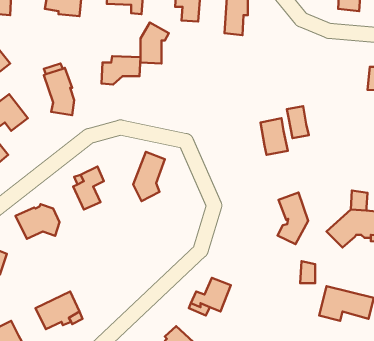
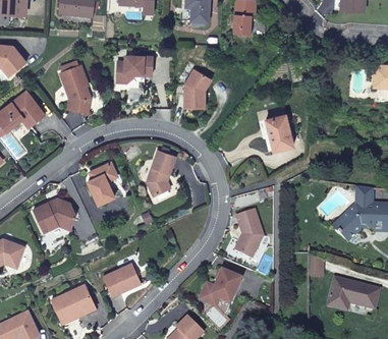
building: [140,23,169,64] -> [183,68,211,108]
building: [287,106,309,138] -> none
building: [278,193,308,244] -> [233,208,263,258]
building: none -> [102,263,141,296]

